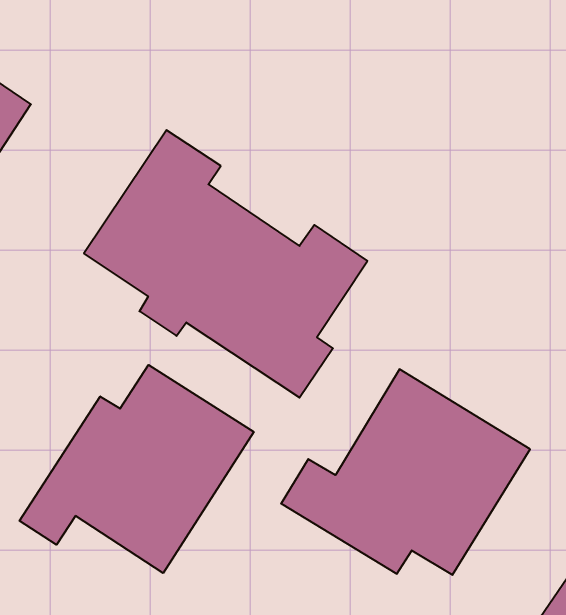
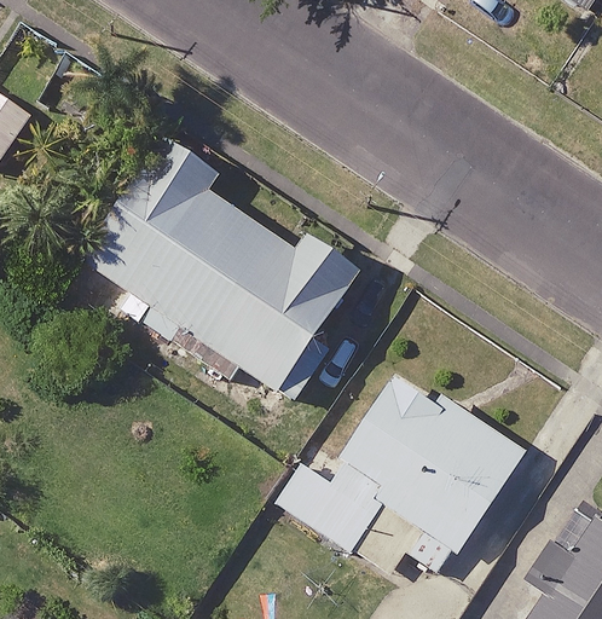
building: [20,365,254,573] -> none

